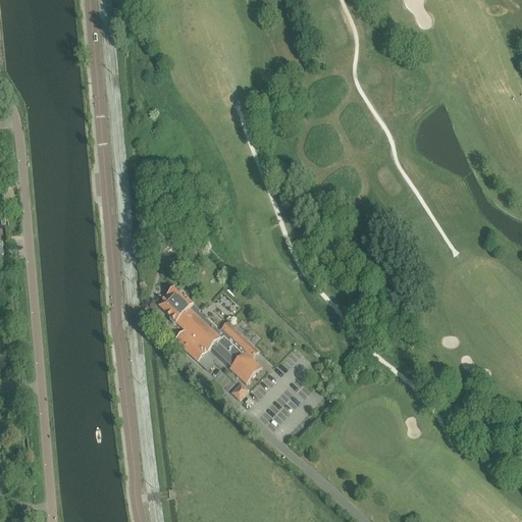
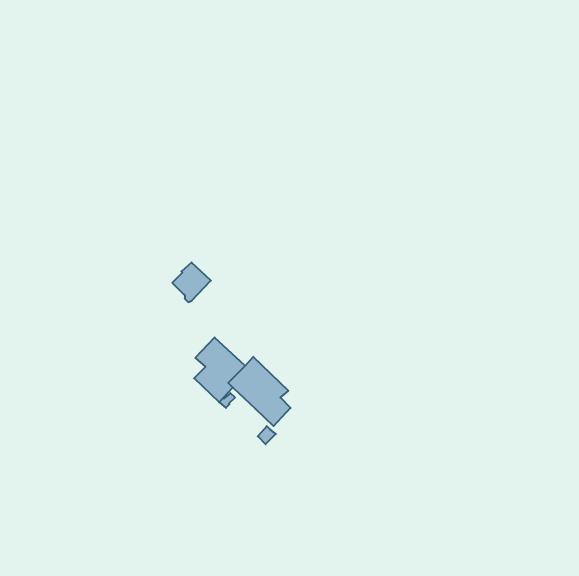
building: [158,286,193,322] -> [172,262,211,302]

